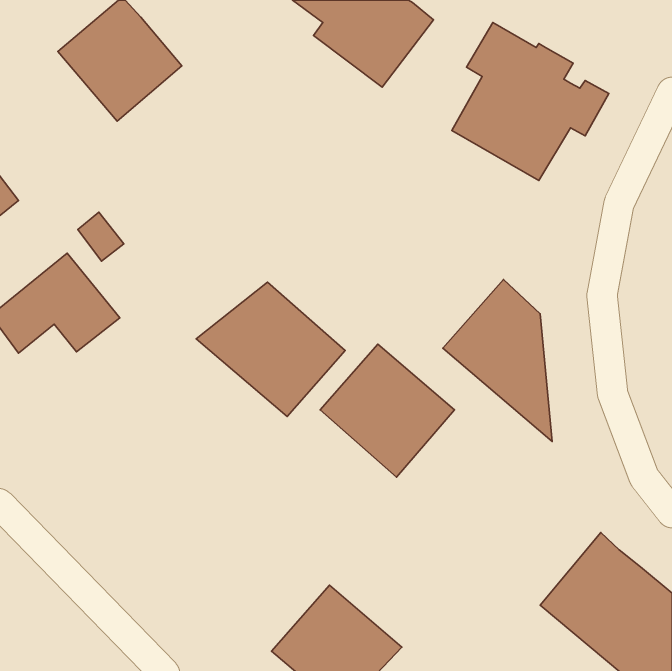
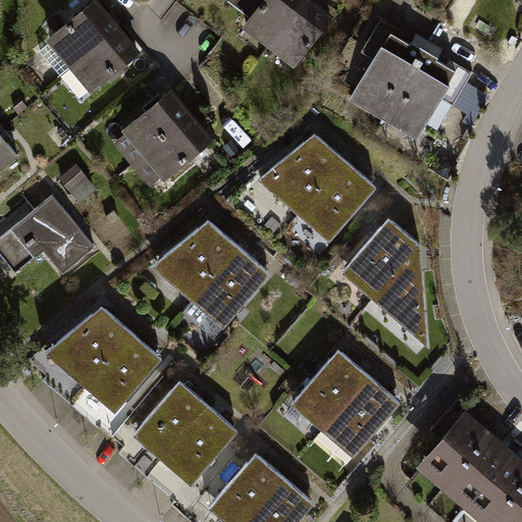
building: none -> [114,93,212,188]
building: none -> [259,135,374,240]
building: [320,344,454,477] -> [293,351,397,454]
building: none -> [45,307,159,410]
building: none -> [134,382,234,483]

